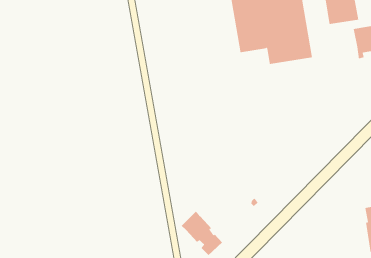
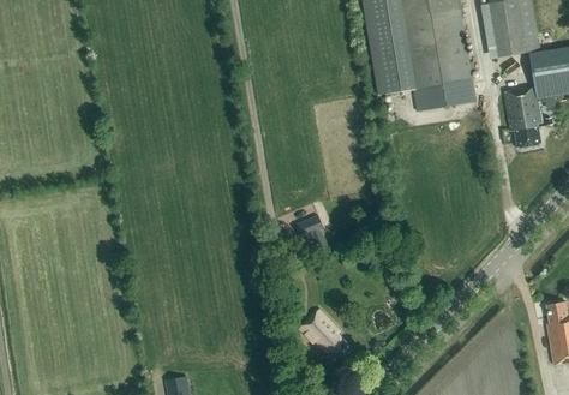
building: none -> [504,86,541,148]
building: none -> [295,214,331,252]

